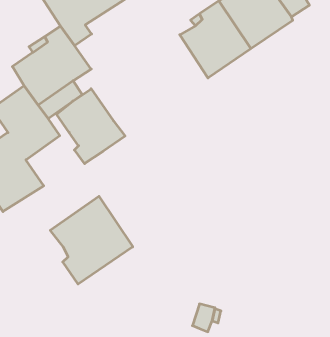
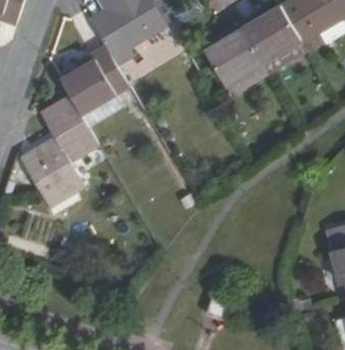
building: [56,89,125,164] -> none
building: [50,196,133,284] -> none

